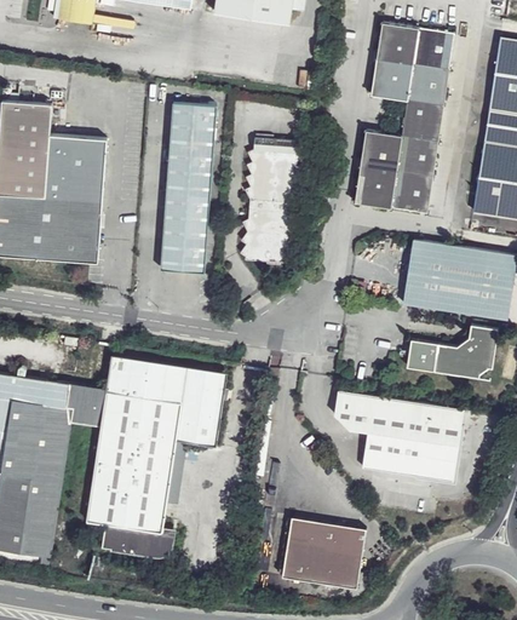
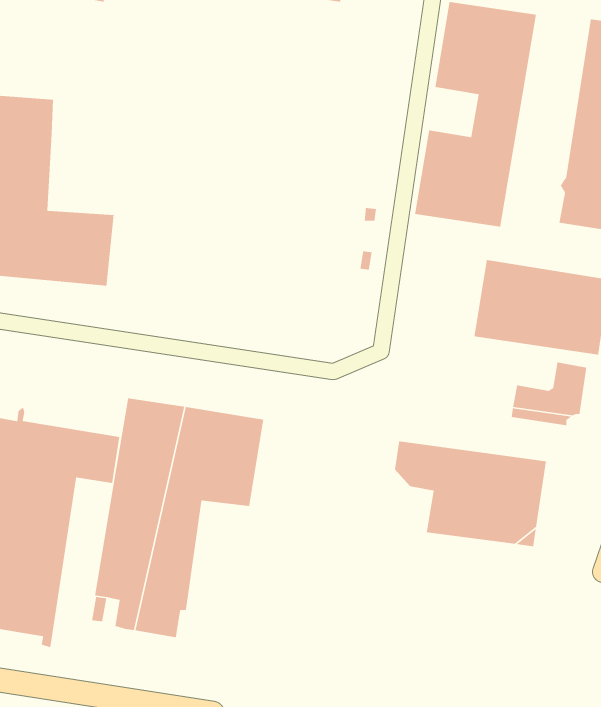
building: [161,103,214,271] -> none
building: [45,134,105,202] -> none
building: [237,140,300,266] -> none
building: [407,340,438,373] -> none
building: [283,517,366,589] -> none
building: [116,528,174,561] -> none

